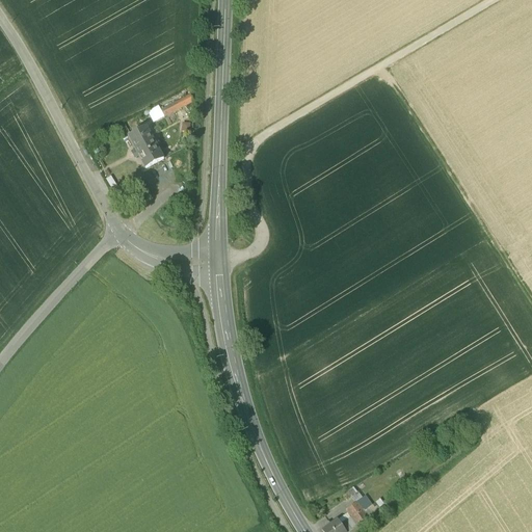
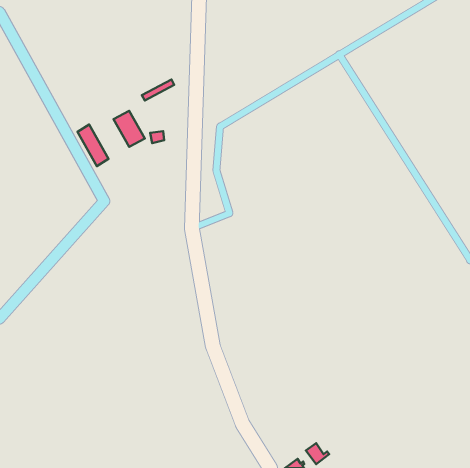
building: none -> [77,124,109,166]

